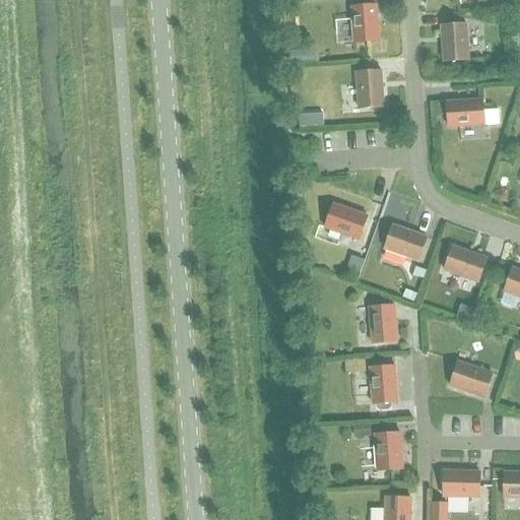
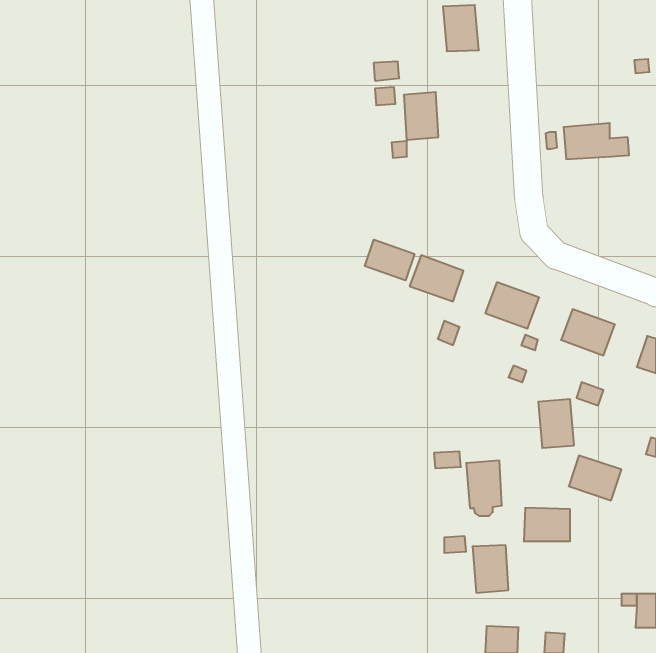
building: [441,22,468,60] -> none
building: [355,69,383,107] -> [404,92,438,140]
building: none -> [365,240,414,280]
building: [369,304,397,342] -> [538,399,574,448]
building: [443,469,479,496] -> [524,508,570,541]

